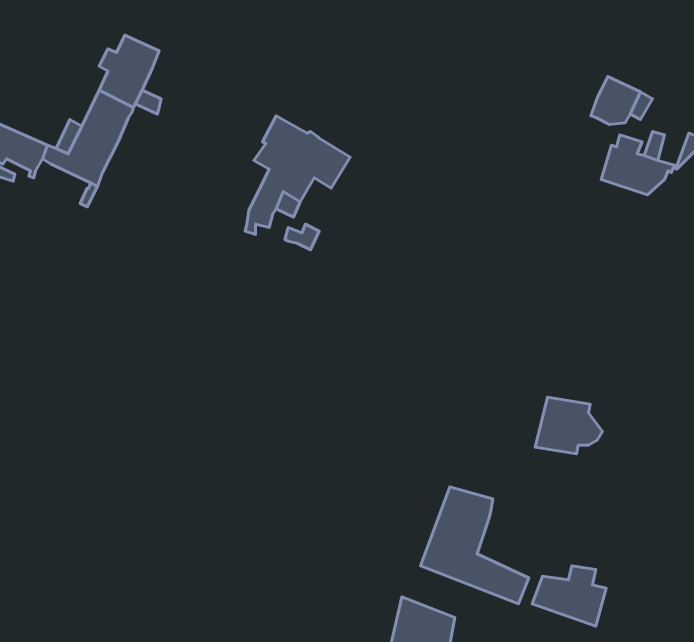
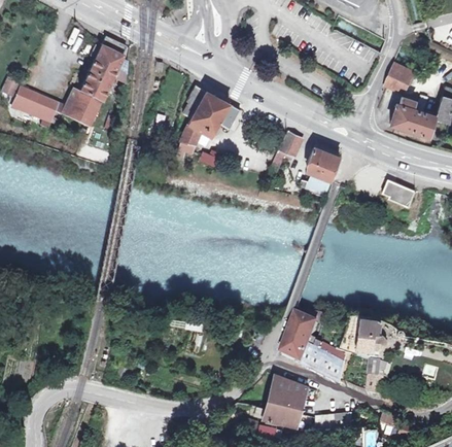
building: none -> [267,131,302,177]
building: none -> [302,147,340,195]
building: none -> [382,181,414,205]
building: [535,397,602,454] -> [354,315,394,349]

